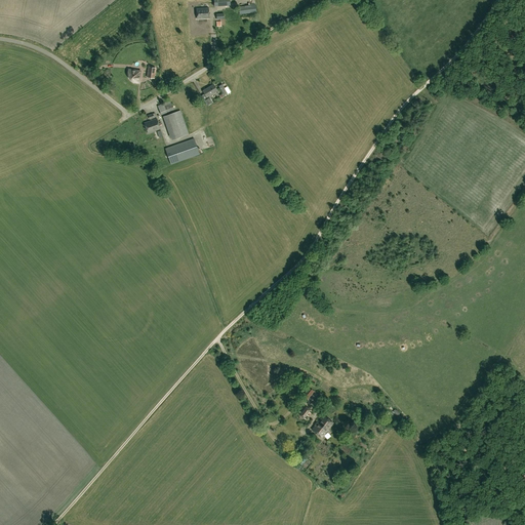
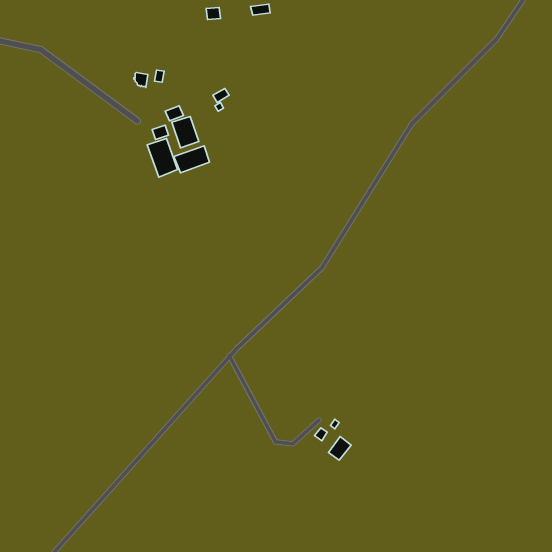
building: none -> [147,139,177,177]

